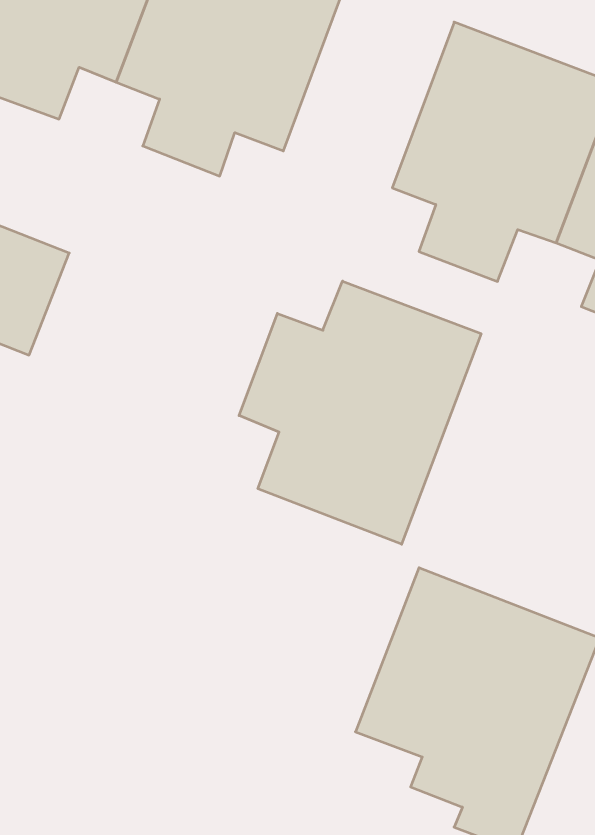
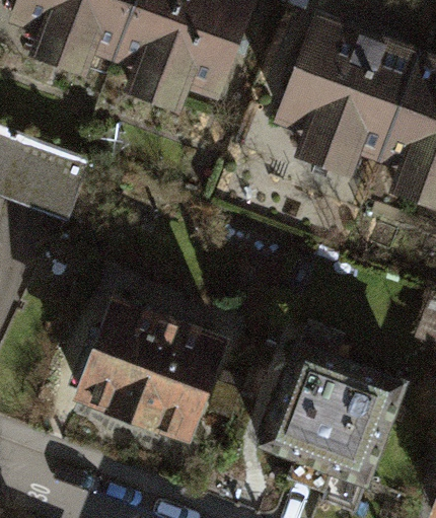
building: [239,281,481,544] -> none
building: none -> [78,309,219,439]

